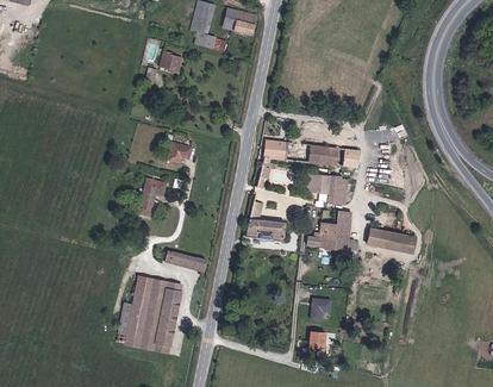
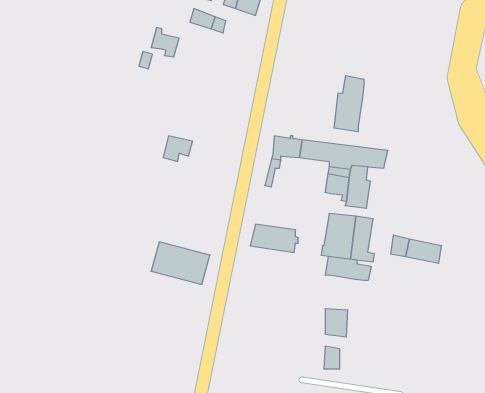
building: none -> [334,76,364,132]
building: [137,176,167,216] -> none
building: none -> [325,256,371,280]
building: [124,279,180,352] -> none

